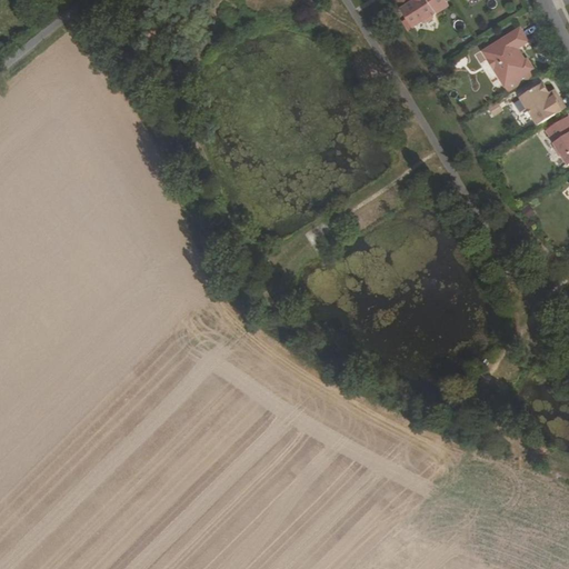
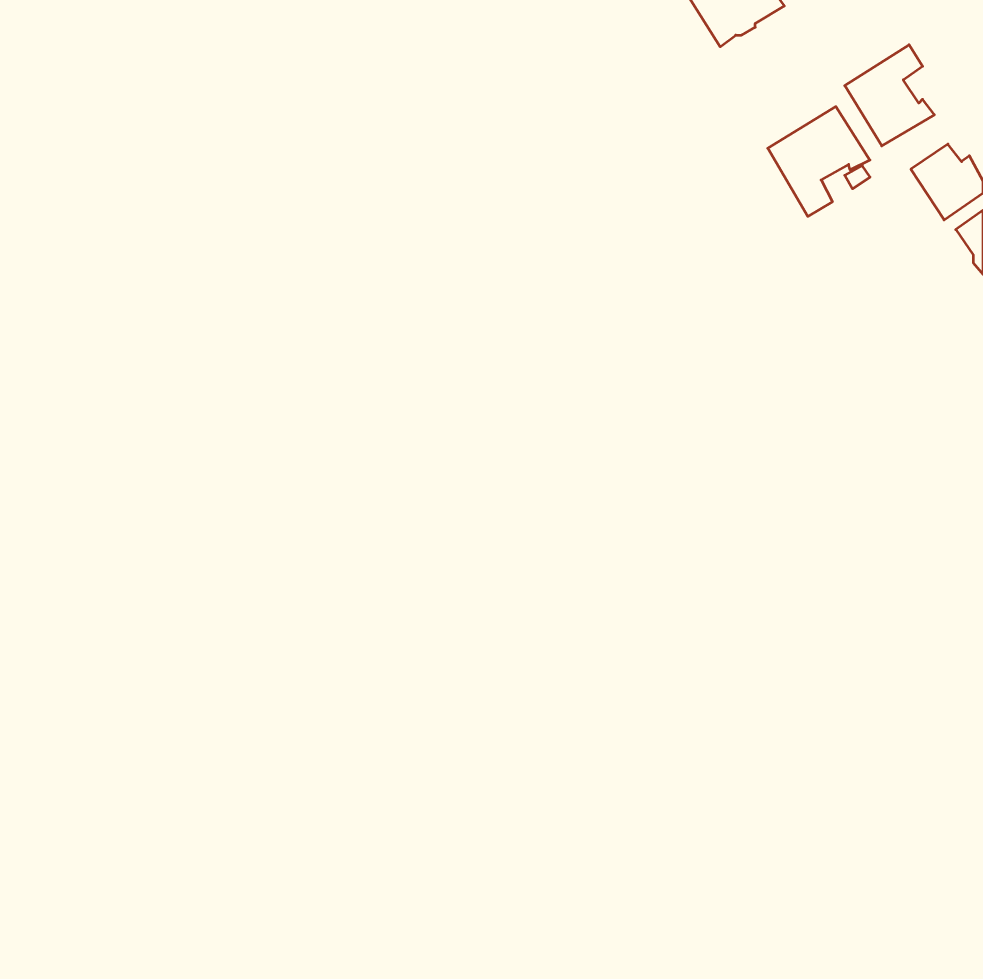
building: none -> [768,107,870,216]

